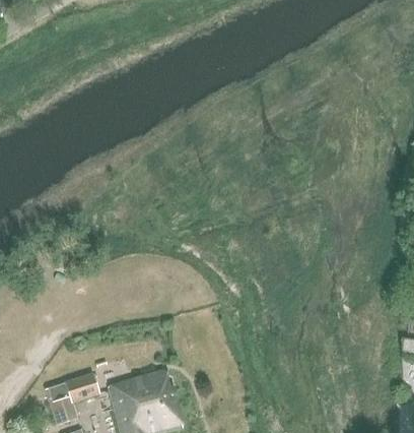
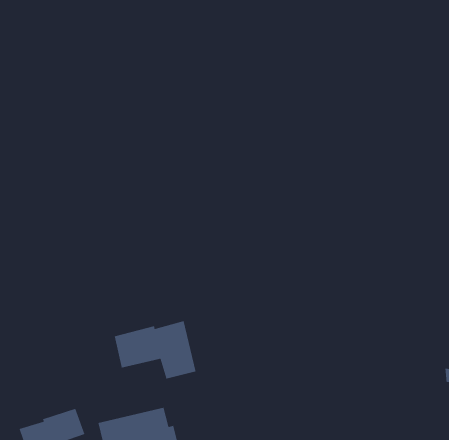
building: none -> [114,320,197,380]

